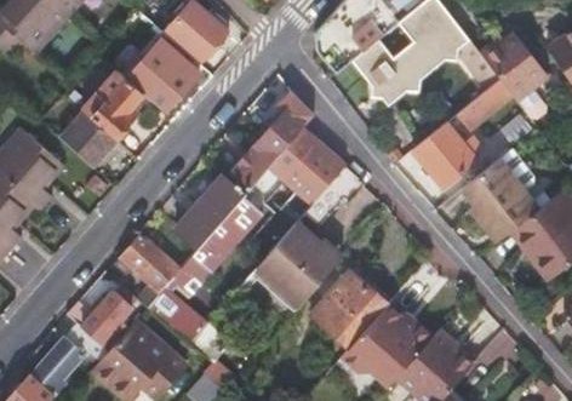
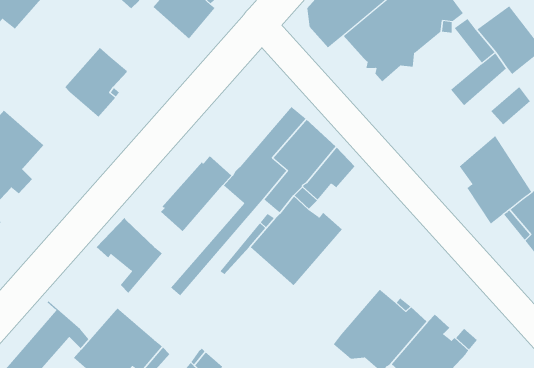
building: [128,34,195,110] -> none
building: [228,91,313,190] -> none
building: [63,114,118,167] -> none
building: [410,120,479,185] -> none
building: [144,204,254,345] -> none
building: [310,270,385,346] -> none
building: [67,285,136,342] -> none

